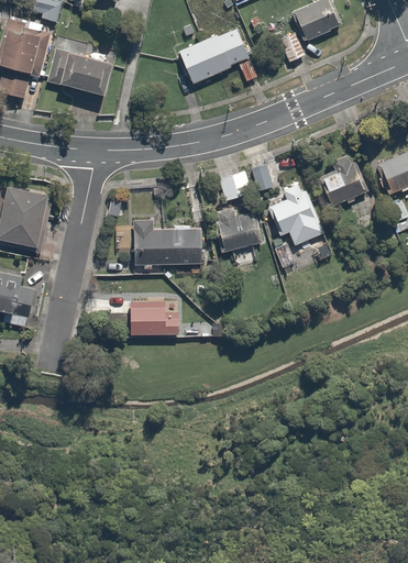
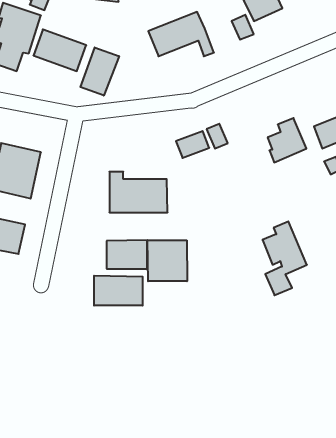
building: none -> [80,47,119,96]
building: [269,184,322,272] -> [262,221,307,295]
building: [212,208,268,252] -> none
building: none -> [148,240,187,281]
building: none -> [94,276,143,306]

